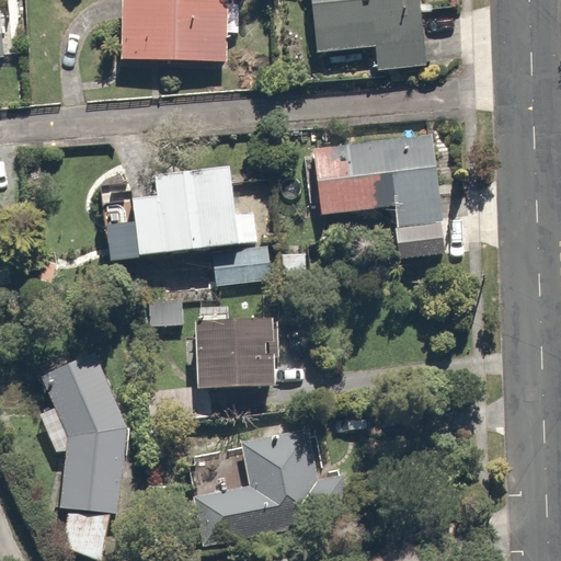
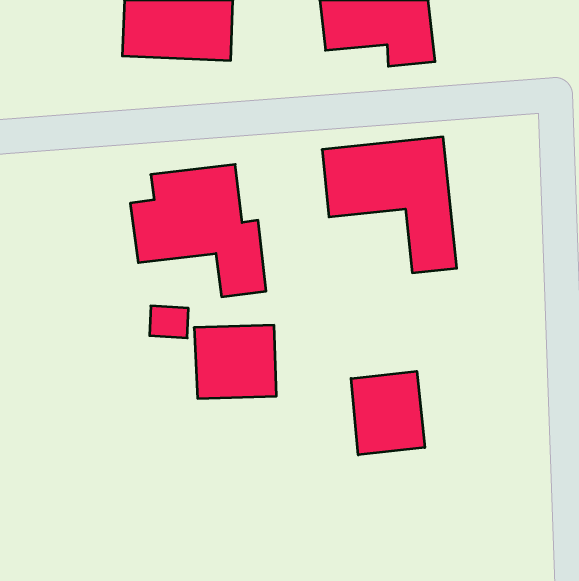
building: [42,348,127,553] -> none
building: none -> [351,371,425,455]
building: [194,431,344,541] -> none

